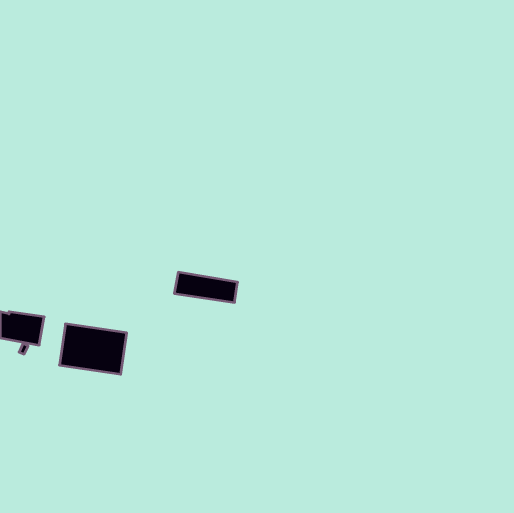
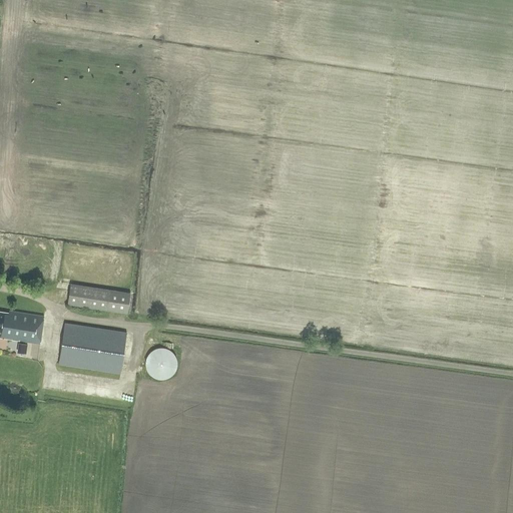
building: [174,272,238,302] -> [67,283,130,313]
building: none -> [145,347,177,379]

